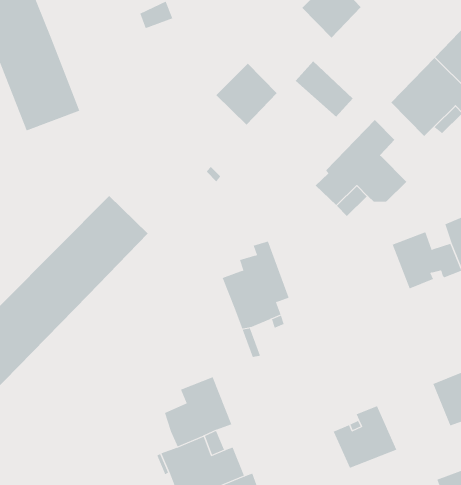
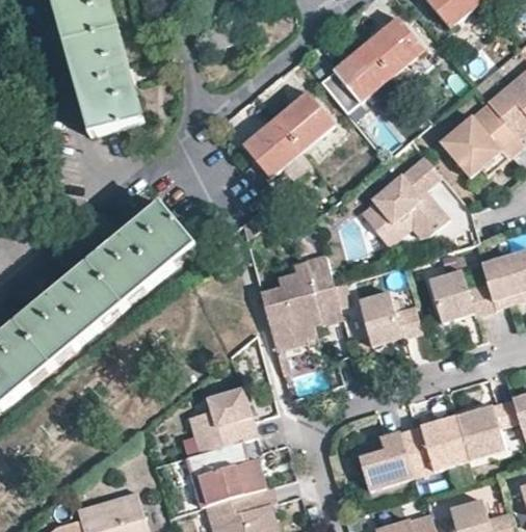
building: none -> [333,42,391,101]
building: none -> [242,117,300,176]
building: none -> [360,291,422,347]
building: none -> [400,416,468,477]

